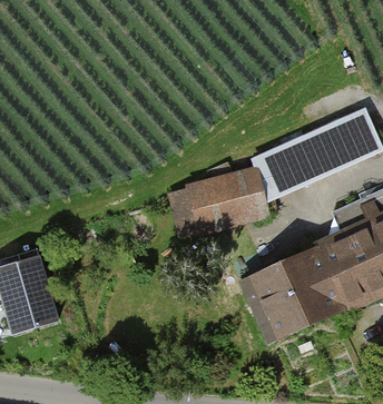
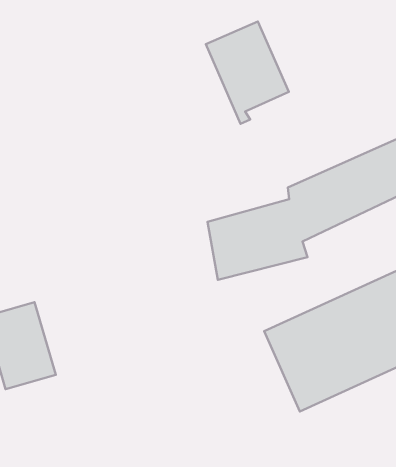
building: none -> [206,21,289,124]

